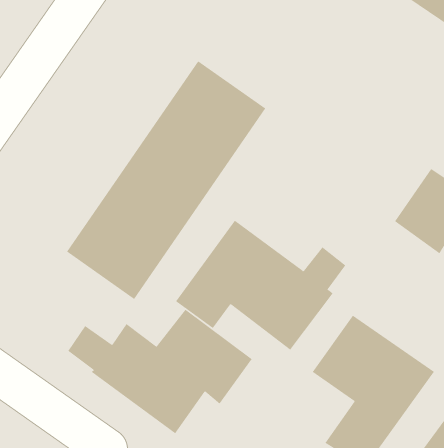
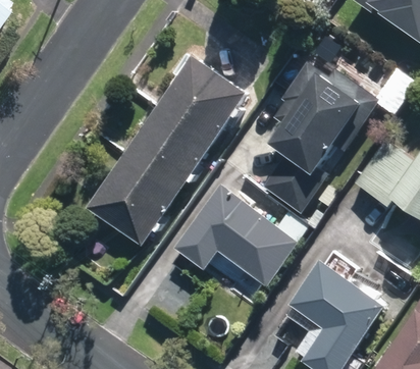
building: none -> [269,59,378,208]
building: [67,309,252,434] -> none

